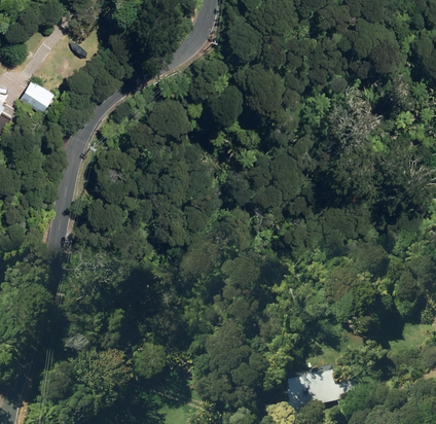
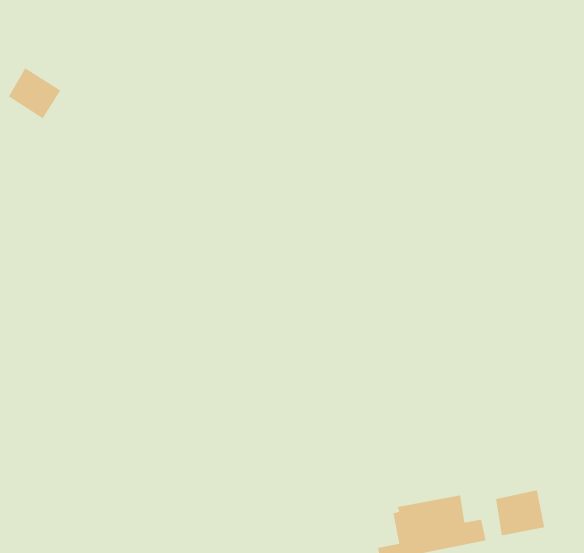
building: none -> [495,489,545,536]

